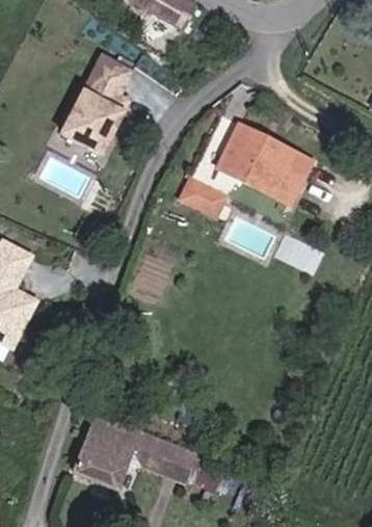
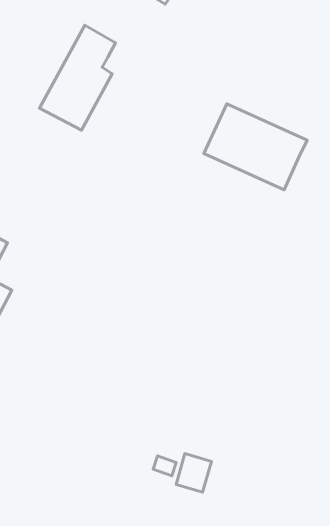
building: [183,181,227,216] -> none
building: [71,413,151,492] -> none

